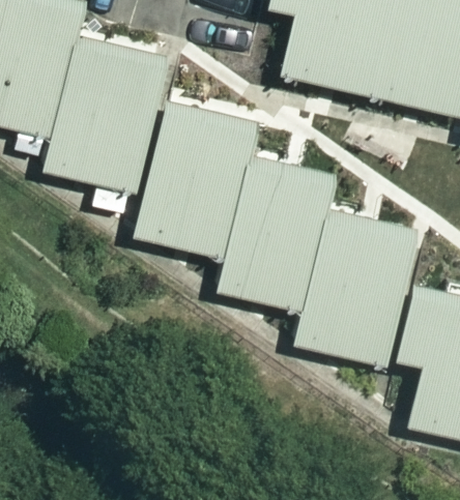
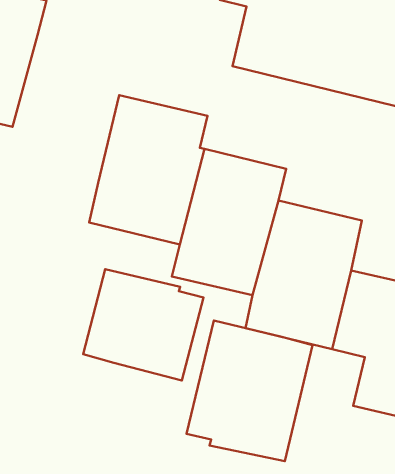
building: [44,38,164,192] -> none
building: none -> [83,269,204,380]
building: none -> [186,321,312,461]

